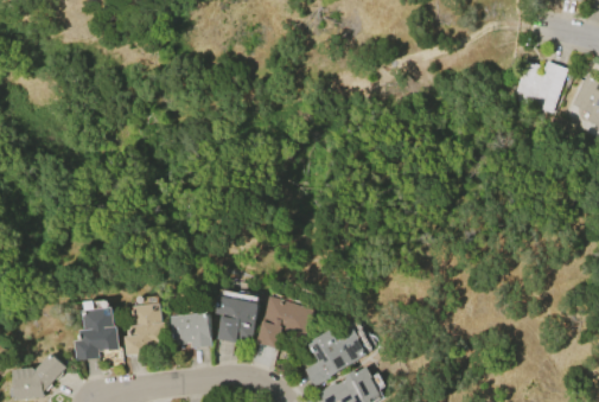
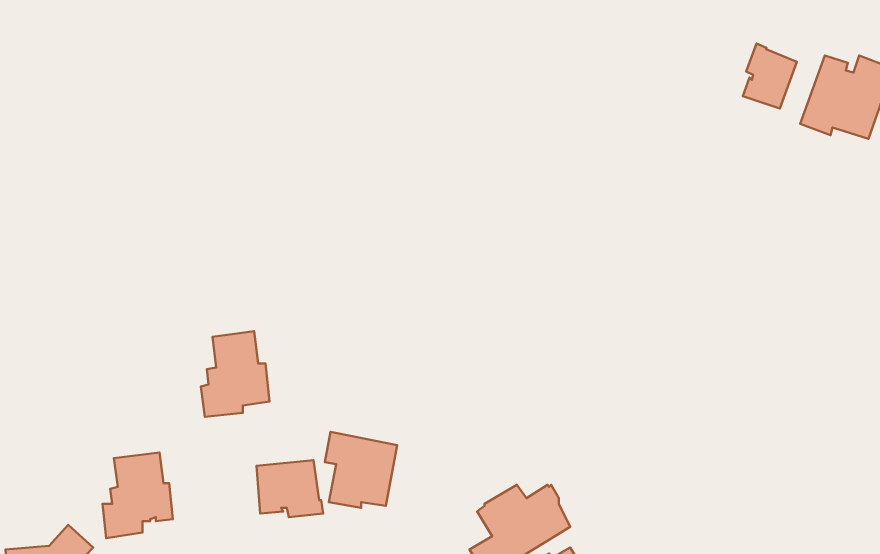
building: none -> [743,44,797,109]
building: [256,294,316,347] -> none
building: [125,301,167,355] -> [201,331,269,417]

